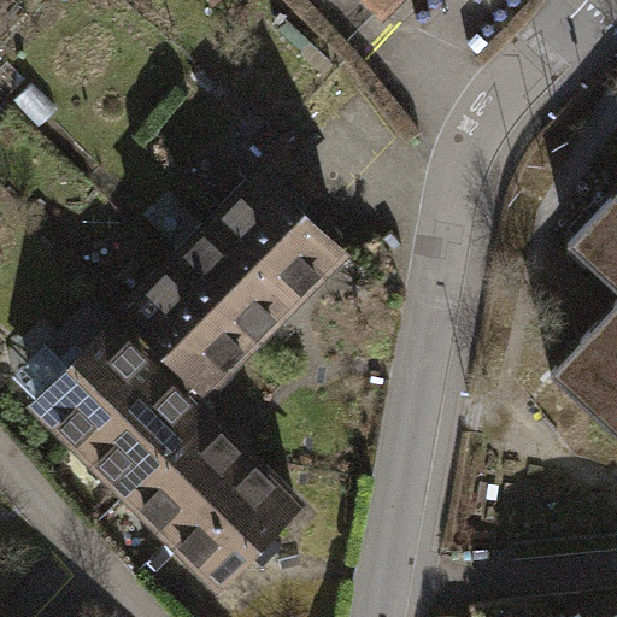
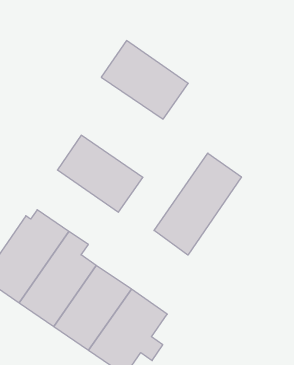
building: [218,180,343,304] -> [101,41,188,119]
building: [129,271,253,395] -> none
building: none -> [154,153,241,255]

